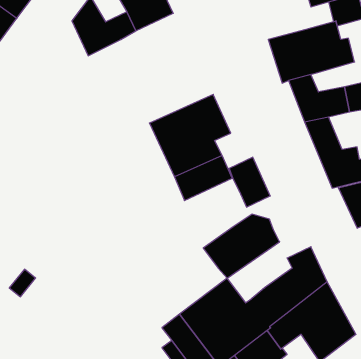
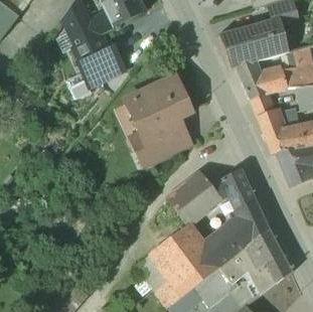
building: none -> [71,32,125,86]
building: [229,157,270,207] -> [221,168,255,208]

